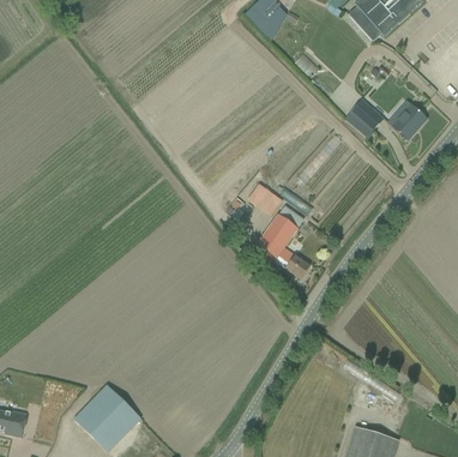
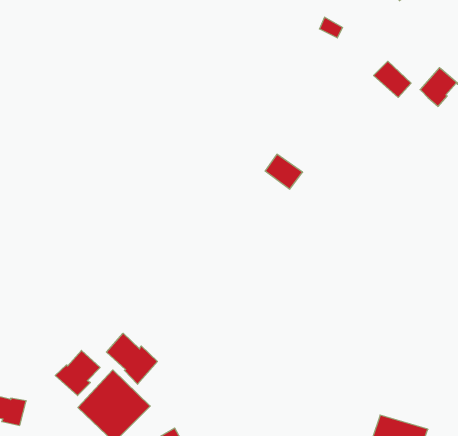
building: [258,205,311,278] -> none
building: none -> [106,333,157,384]
building: none -> [55,350,100,396]

